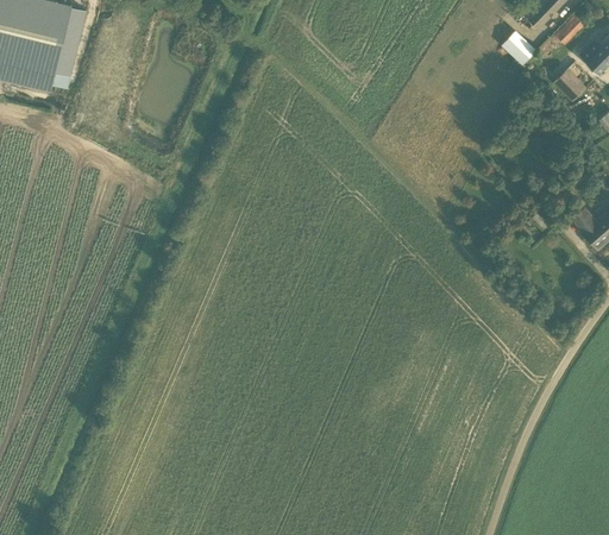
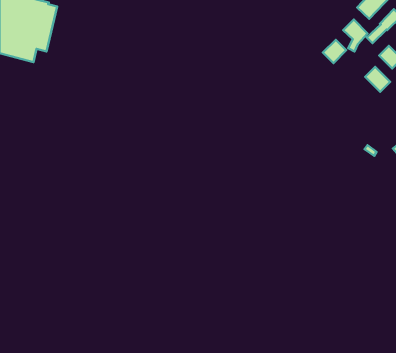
building: none -> [323,40,346,63]
building: none -> [365,67,390,92]

